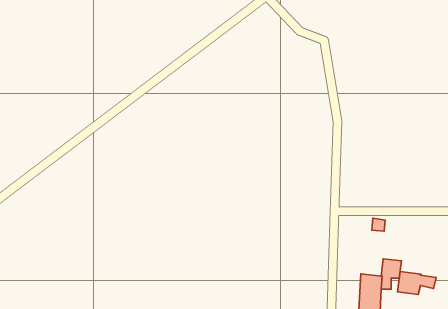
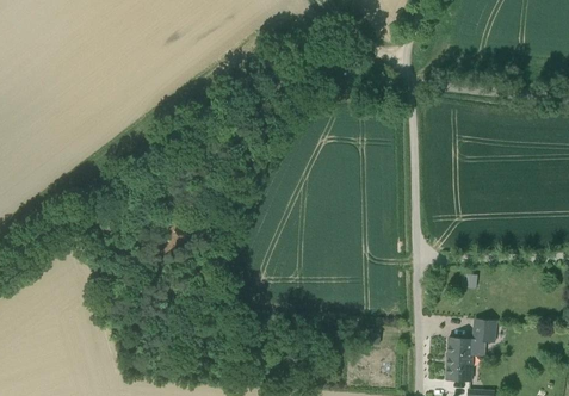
building: [398,272,436,294] -> none

